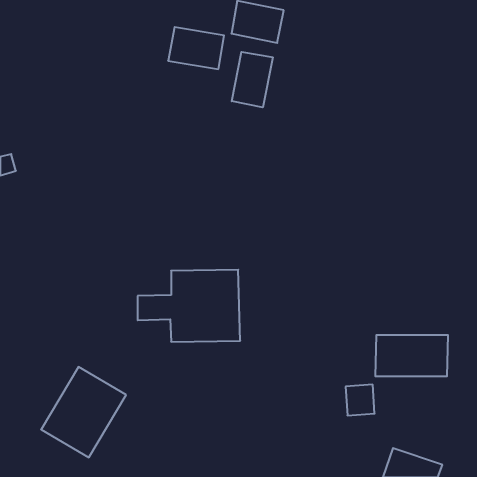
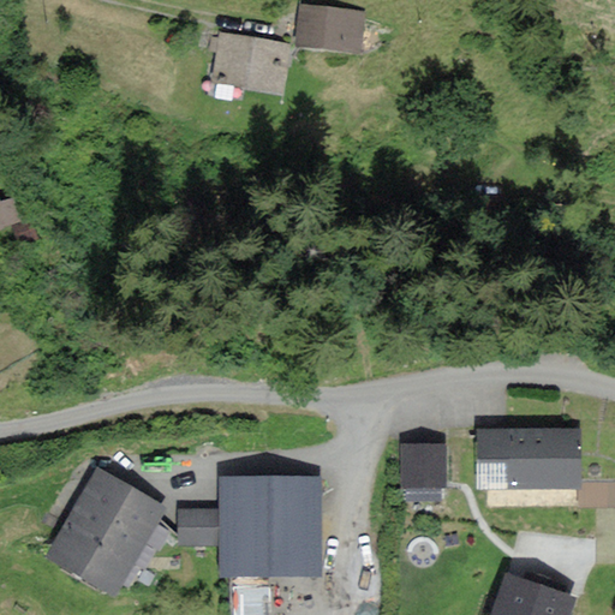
building: [232,52,273,107] -> none
building: [138,270,240,342] -> [184,478,316,571]
building: [346,385,375,415] -> [405,444,442,484]

